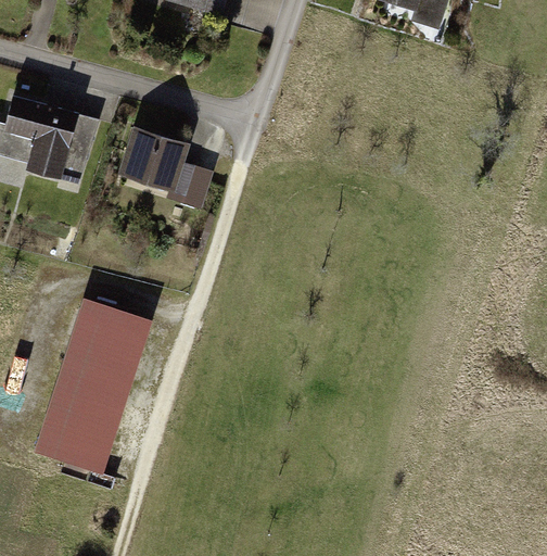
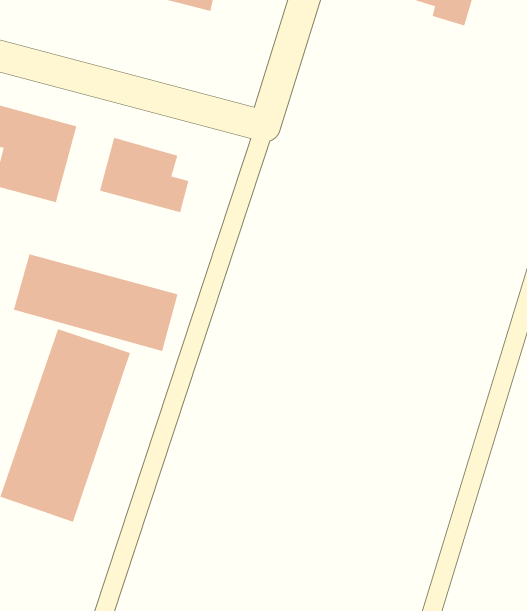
building: none -> [13,254,178,352]

